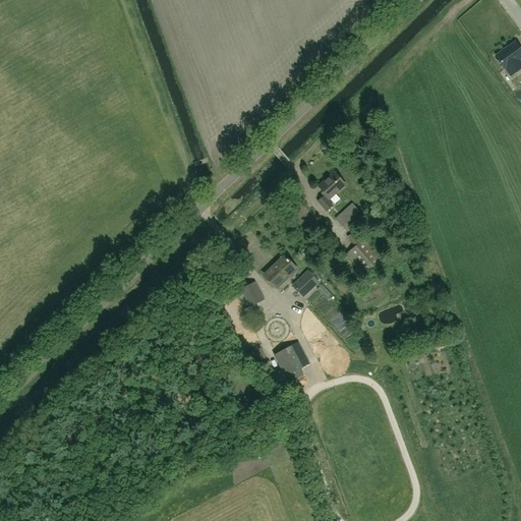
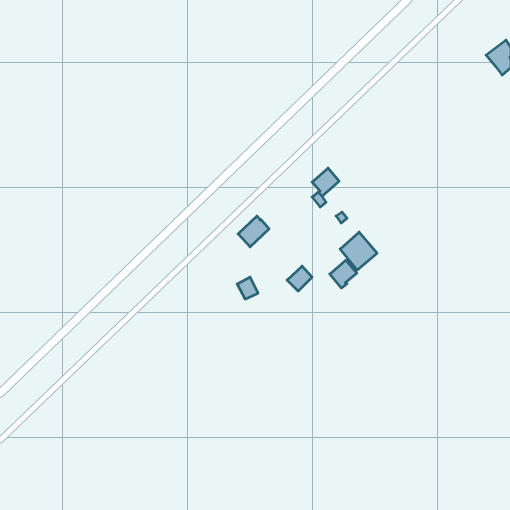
building: [266,255,297,287] -> [238,216,269,247]
building: none -> [330,260,357,288]
building: [275,341,310,377] -> none

